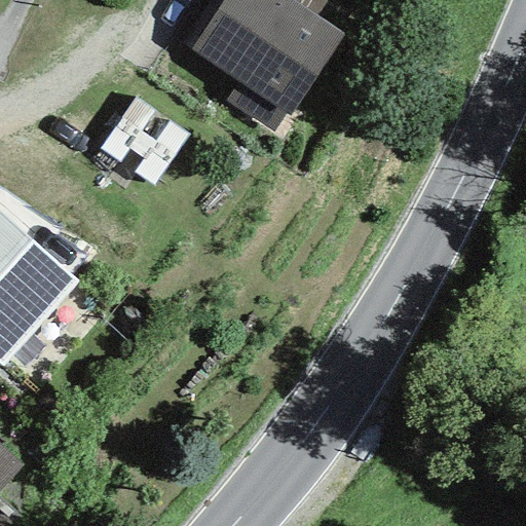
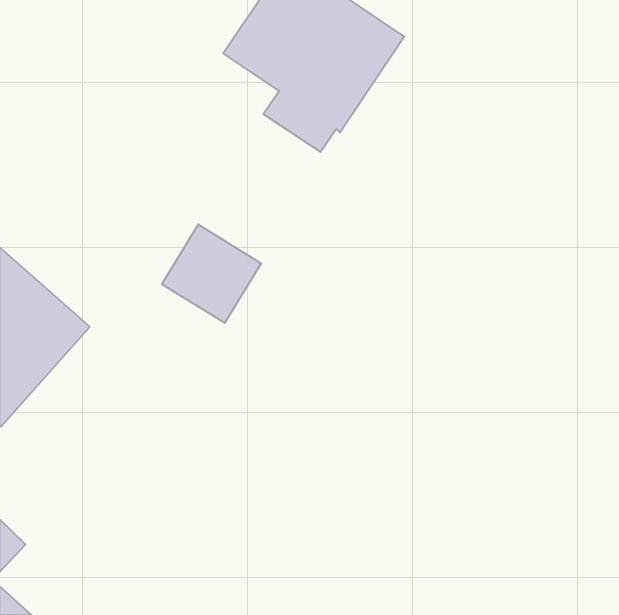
building: [107,104,191,187] -> [162,224,261,323]

